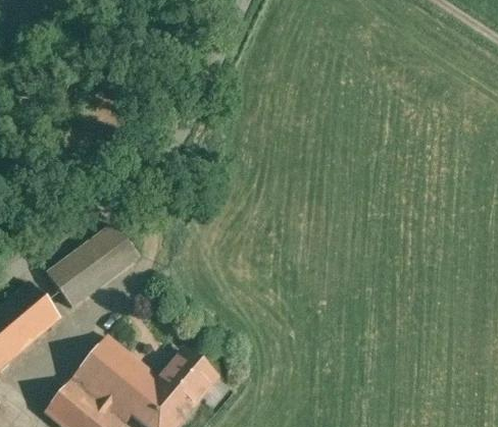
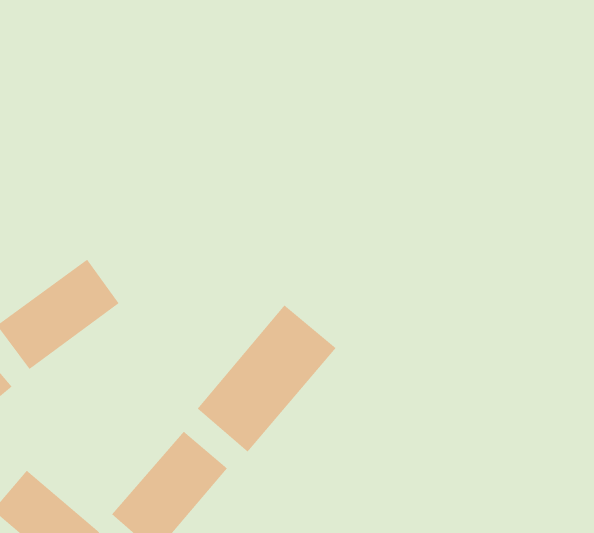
building: none -> [197,305,337,452]
building: [72,336,157,420] -> none

